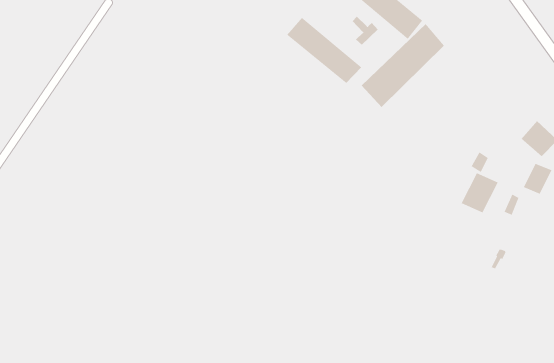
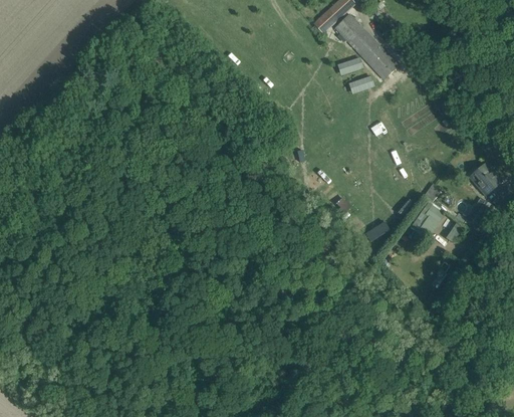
building: [286,17,362,84] -> none
building: [361,23,445,108] -> none

